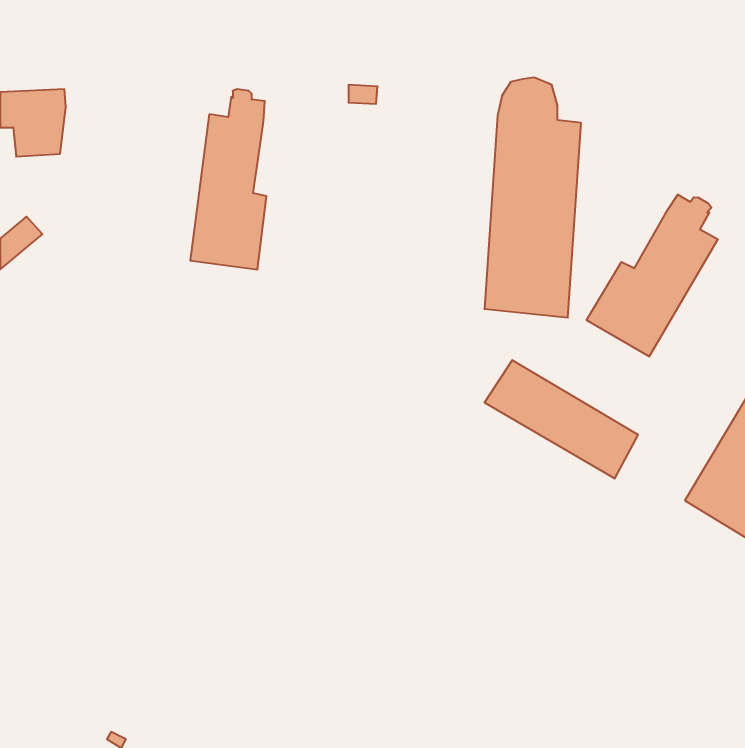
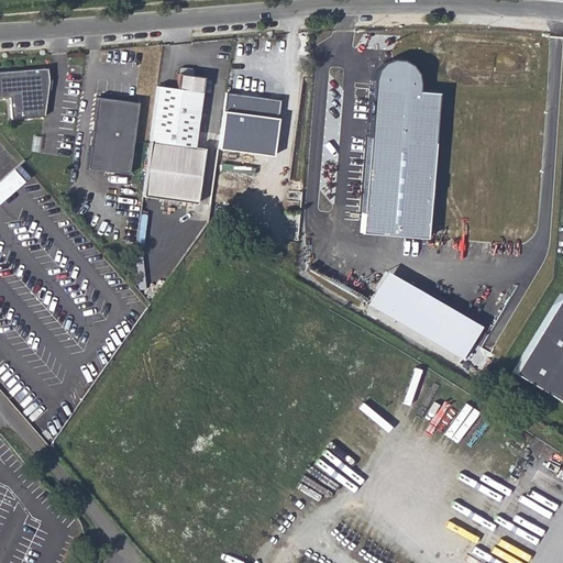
building: none -> [222,93,284,155]
building: none -> [90,97,142,173]
building: [587,194,718,357] -> none

